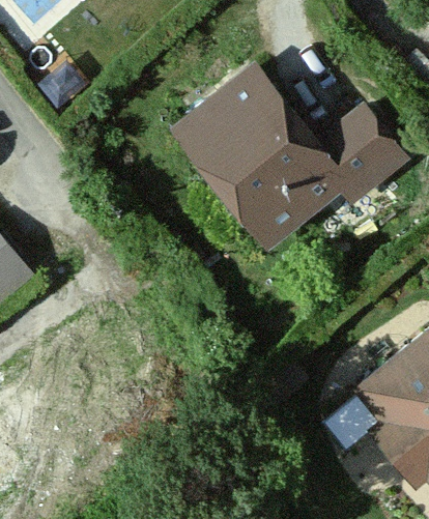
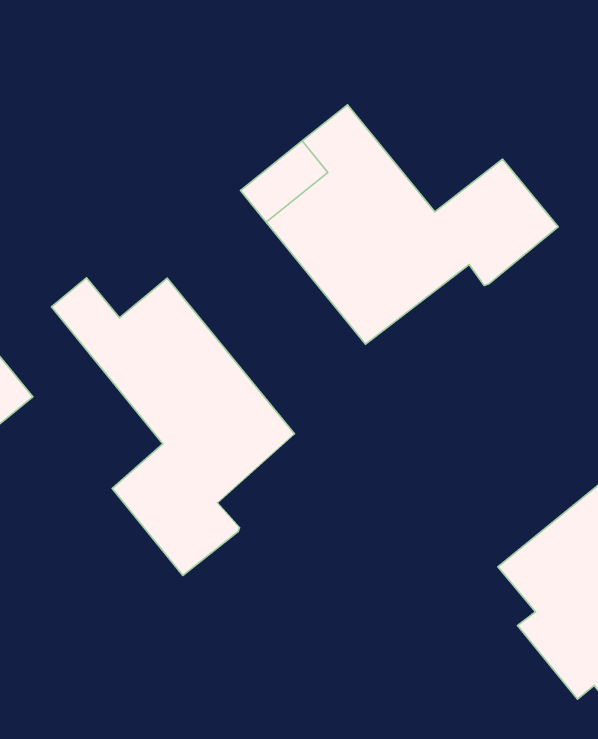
building: none -> [52,278,294,576]

